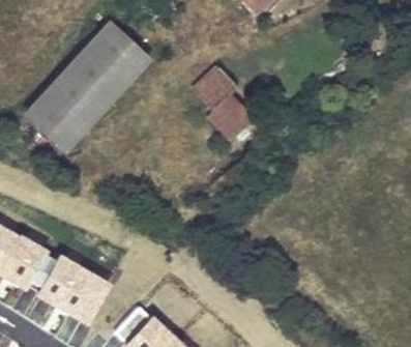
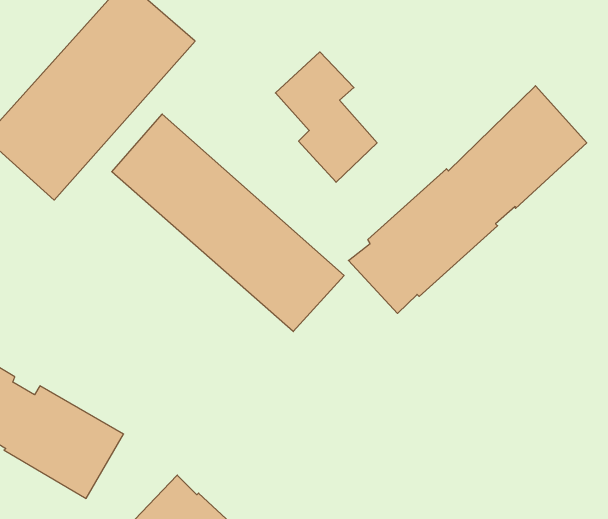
building: none -> [348,86,587,313]
building: none -> [112,114,344,332]

